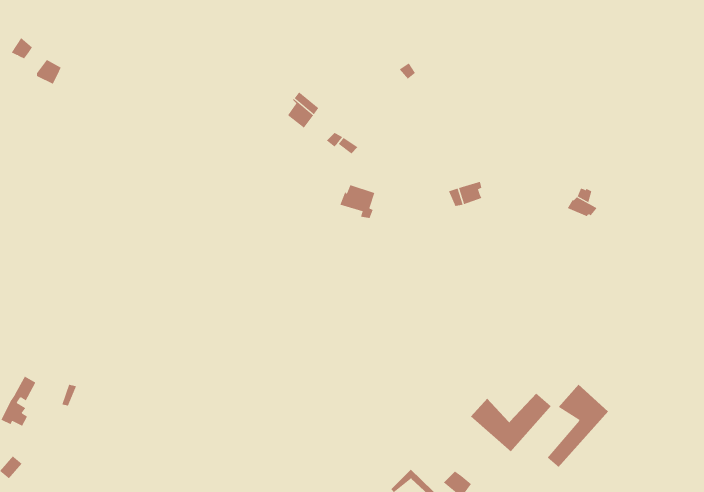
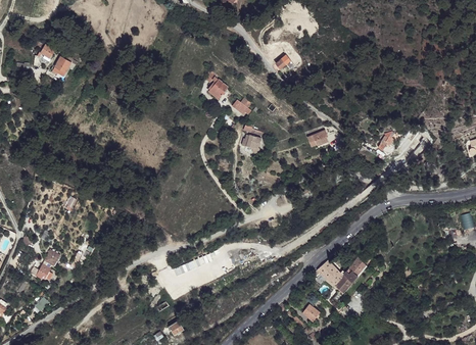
building: [547,384,609,468] -> none

